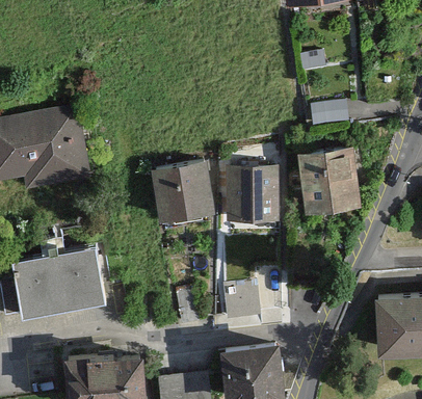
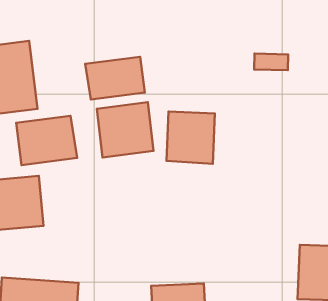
building: none -> [85,57,145,100]
building: [300,150,361,215] -> none
building: none -> [16,116,77,165]
building: [226,277,259,311] -> none

